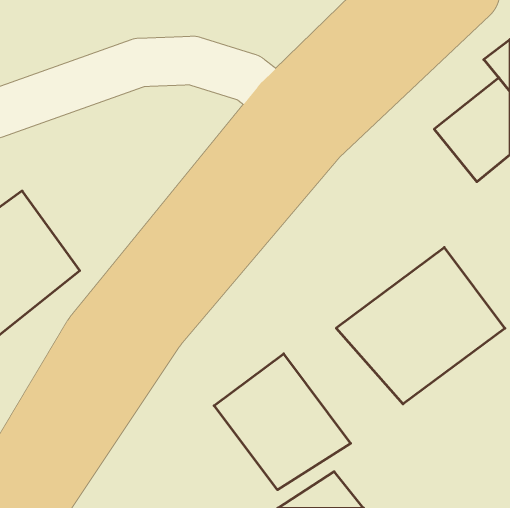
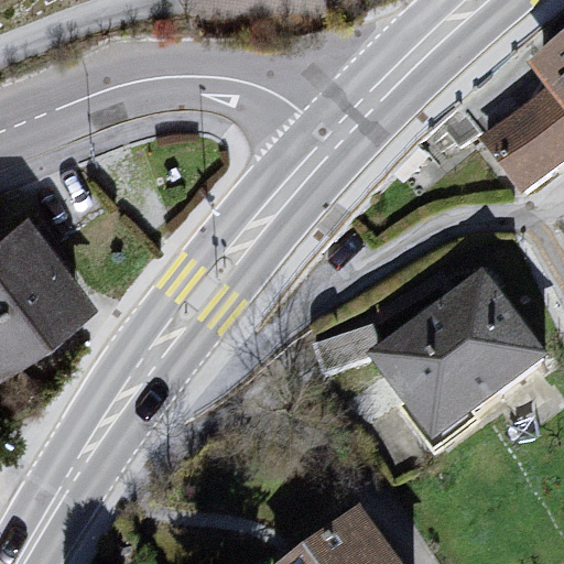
building: [214,354,351,490] -> none

